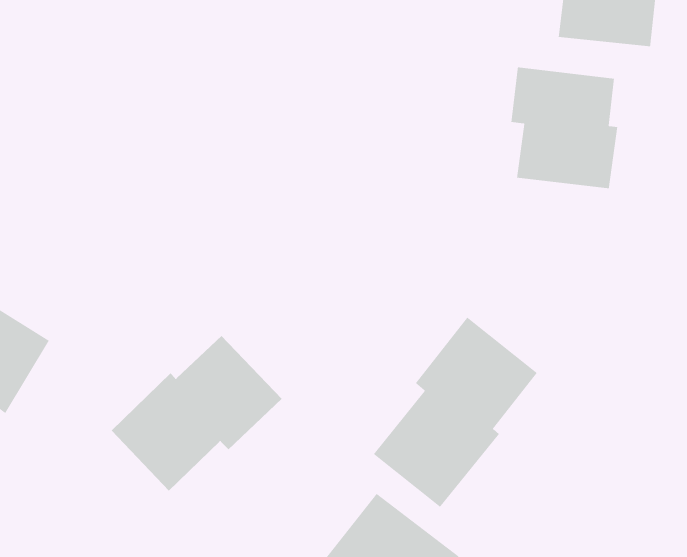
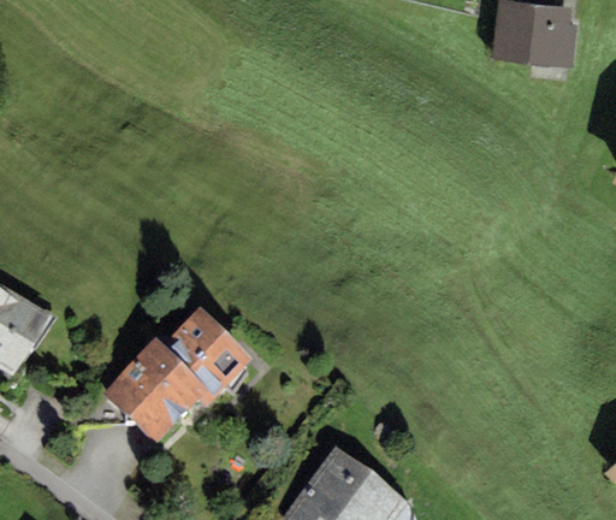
building: [511,66,618,189] -> none
building: [373,316,538,508] -> none

